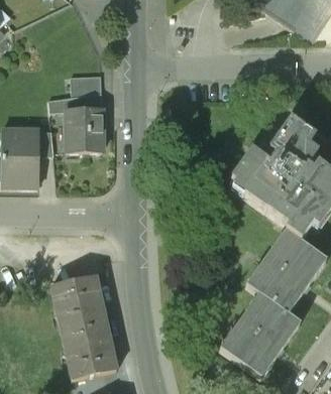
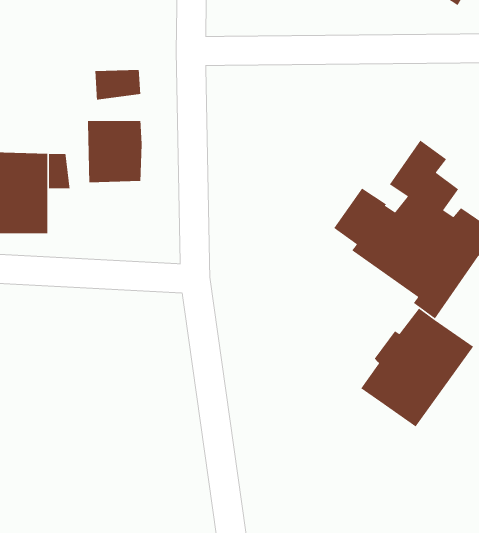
building: [47,93,102,113] -> none
building: [54,277,116,381] -> none
building: [222,299,299,380] -> none

